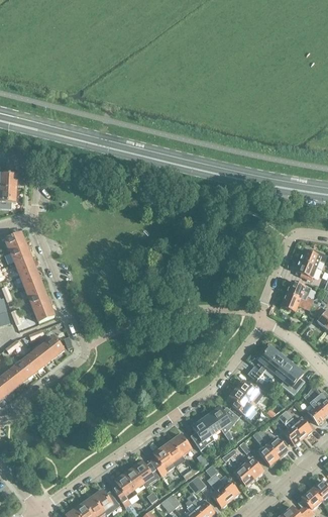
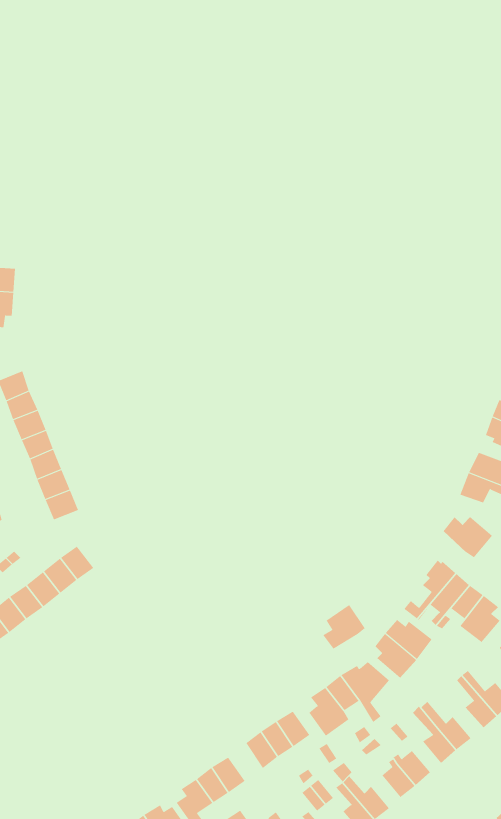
building: none -> [443,516,493,558]
building: none -> [323,604,366,650]

